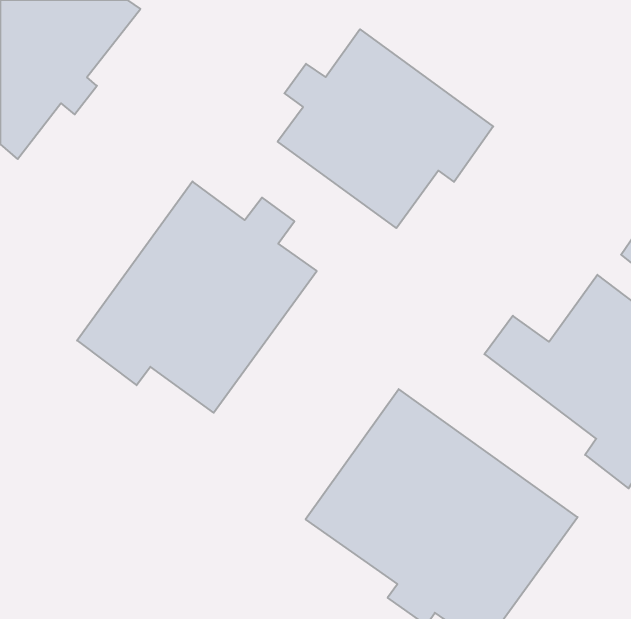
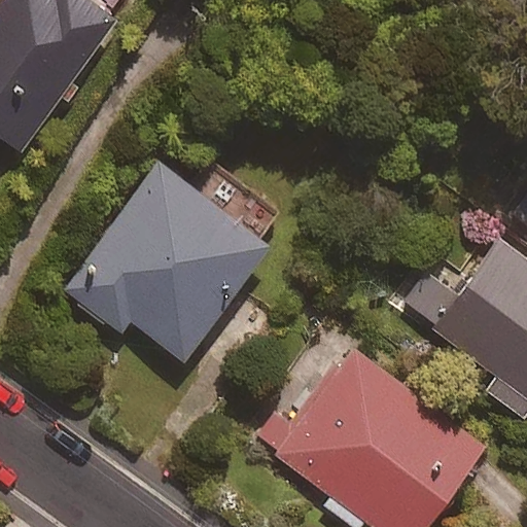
building: [278,29,493,228] -> none

